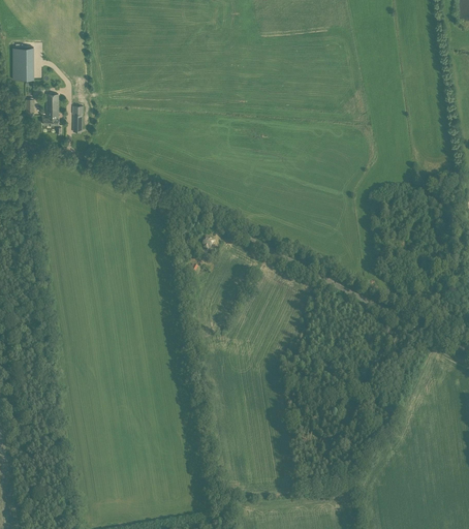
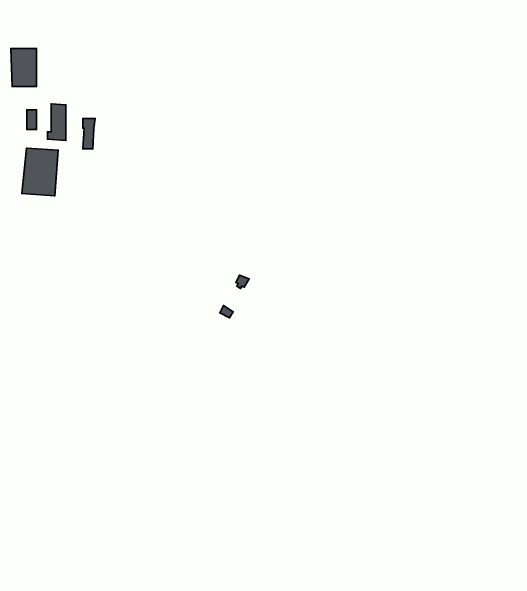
building: none -> [22,148,58,196]

